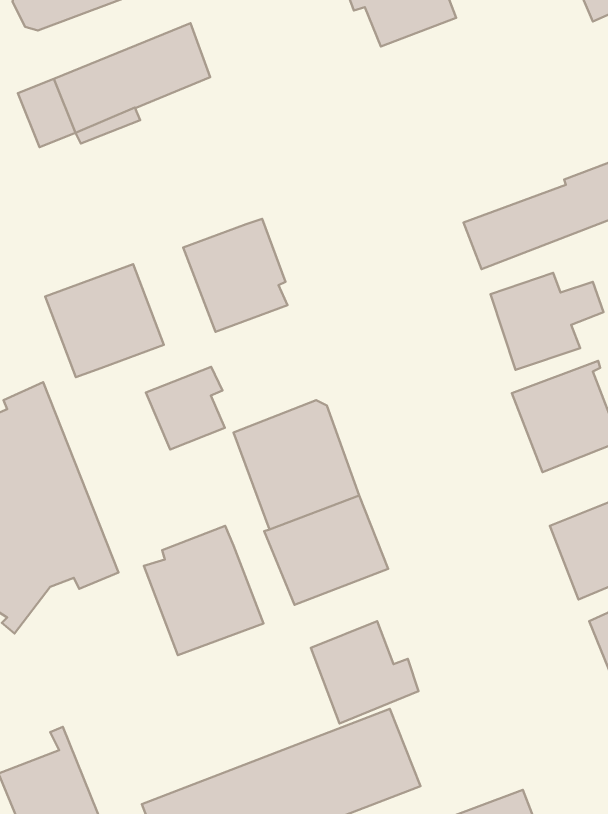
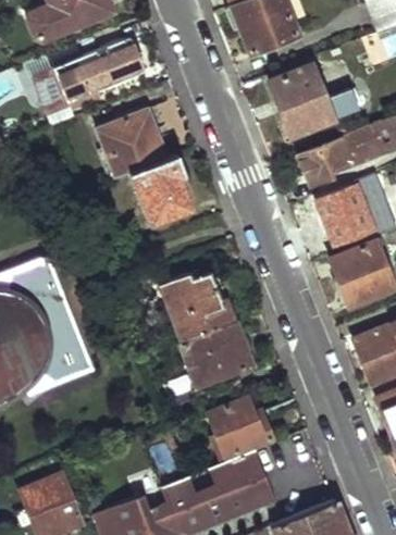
building: none -> [271,67,359,137]
building: [45,264,164,377] -> [97,109,169,177]
building: [146,367,225,449] -> none
building: [144,526,264,655] -> none

